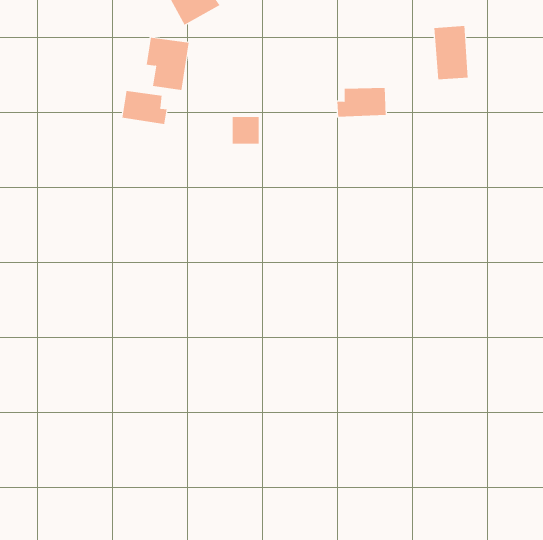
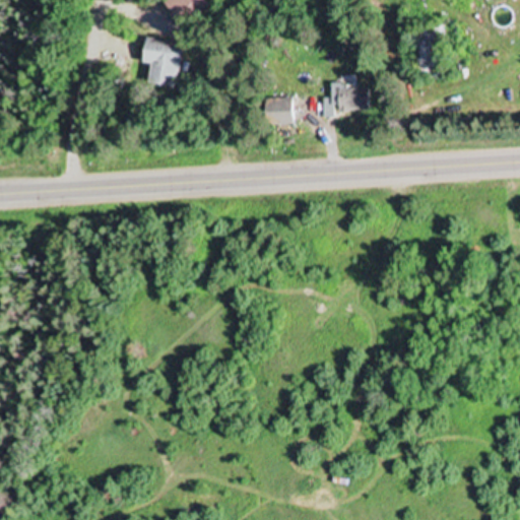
building: [122,90,167,125] -> none
building: [232,117,259,144] -> [264,96,290,123]

